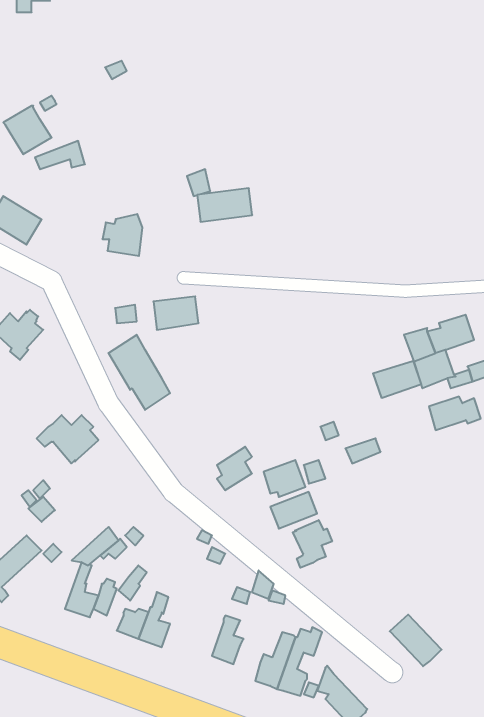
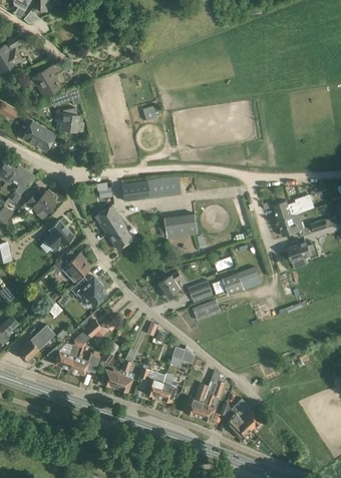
building: [197,188,252,222] -> [147,177,181,197]
building: [102,214,142,256] -> [54,106,78,131]
building: none -> [165,213,198,237]
building: none -> [45,219,74,249]
building: [373,361,421,398] -> none
building: none -> [70,276,108,306]
building: [293,520,332,568] -> none
building: none -> [46,340,79,369]
building: none -> [139,367,164,397]
building: [390,615,442,666] -> [231,398,262,429]

